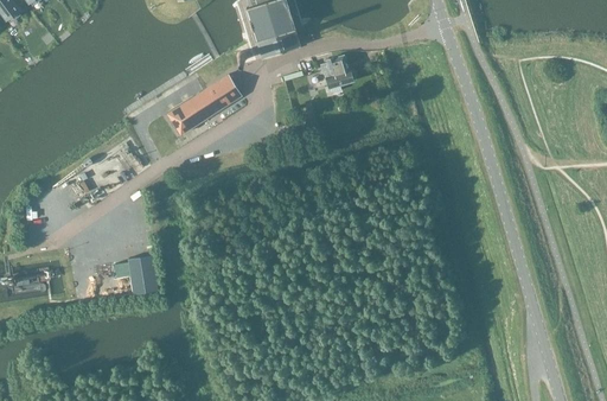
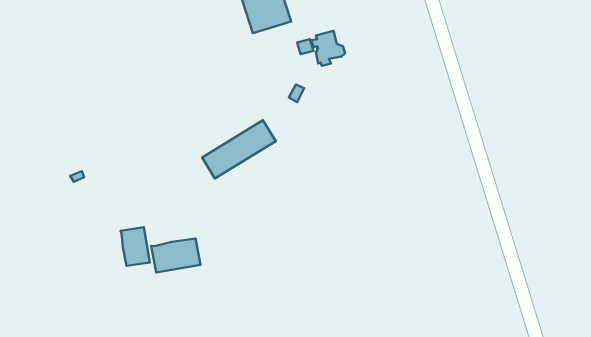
building: [167,75,242,134] -> [202,120,276,179]
building: none -> [151,238,200,272]

